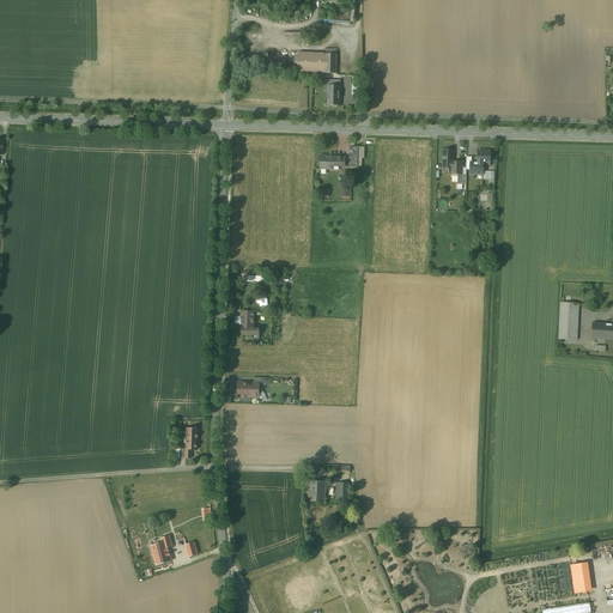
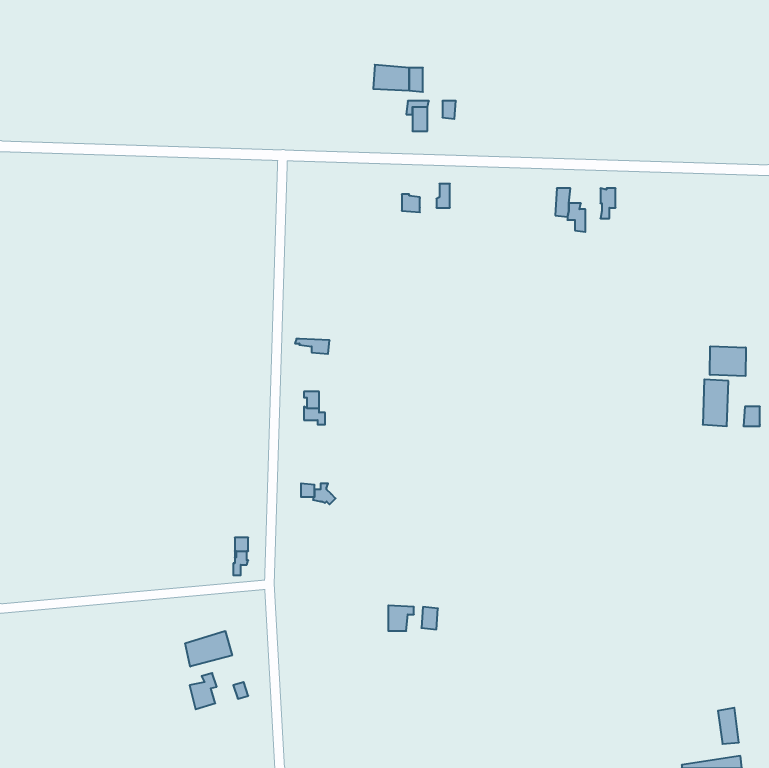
building: none -> [710,346,746,376]
building: none -> [185,631,232,667]

